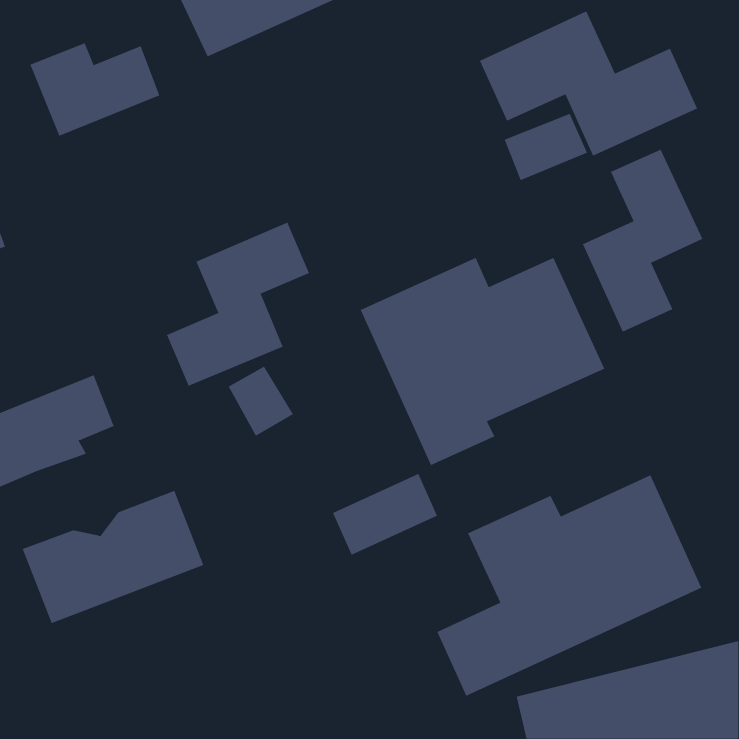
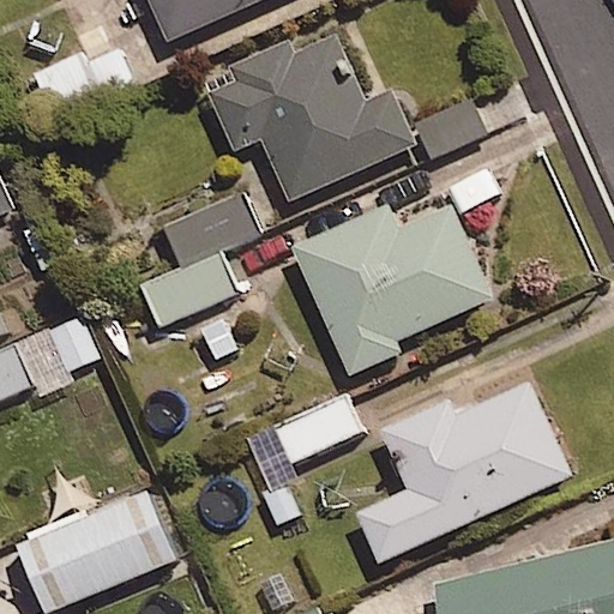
building: [479,10,698,156] -> none
building: none -> [209,40,417,205]
building: [582,149,703,333] -> none
building: [22,490,204,624] -> [18,487,167,596]

